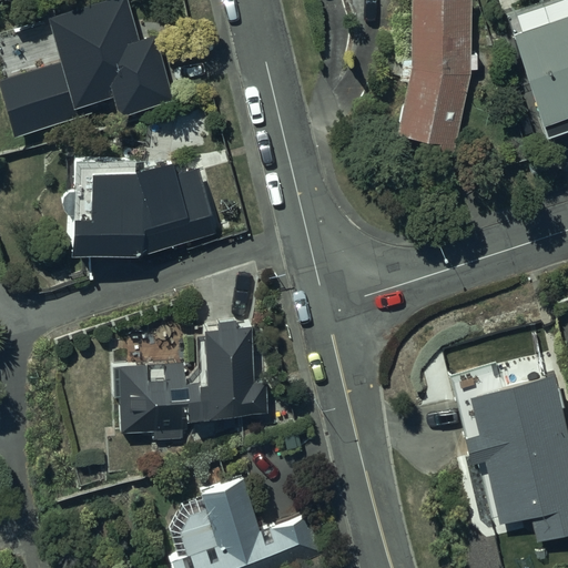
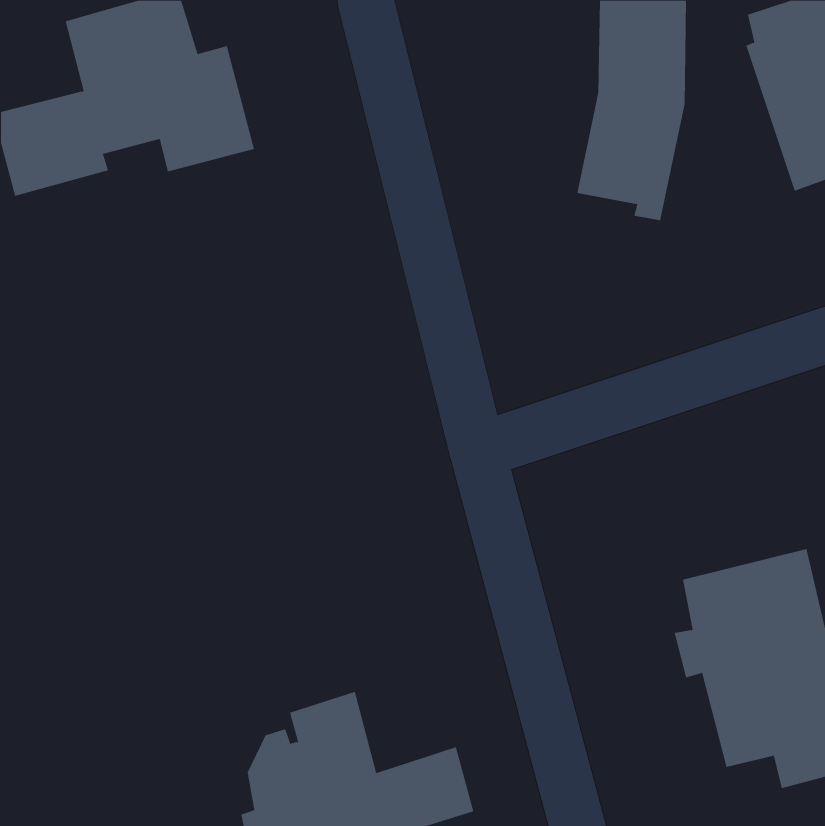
building: [67,160,217,256] -> none
building: [112,320,267,440] -> none

